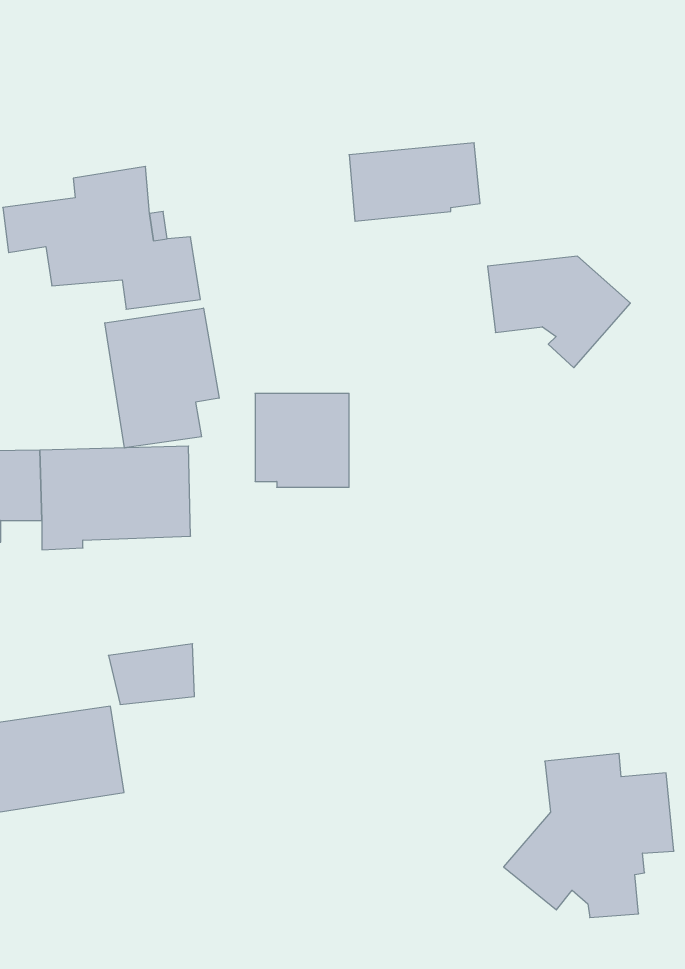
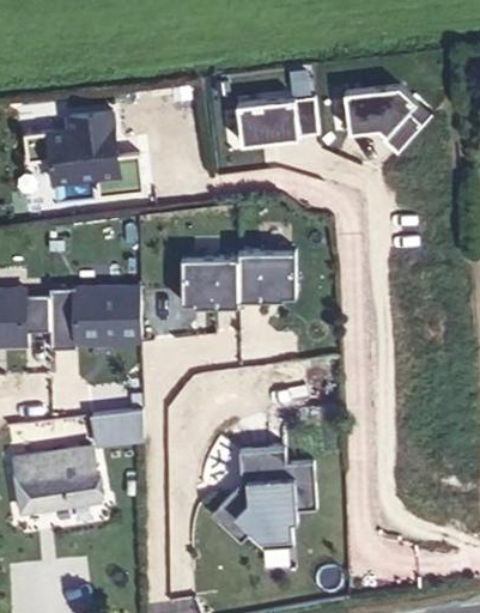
building: [488,256,630,368] -> [345,89,432,157]
building: [105,308,219,448] -> none
building: none -> [238,247,294,304]
building: [504,753,674,918] -> [208,450,312,551]

